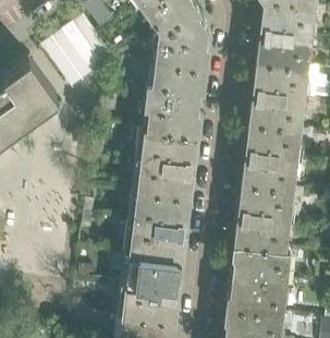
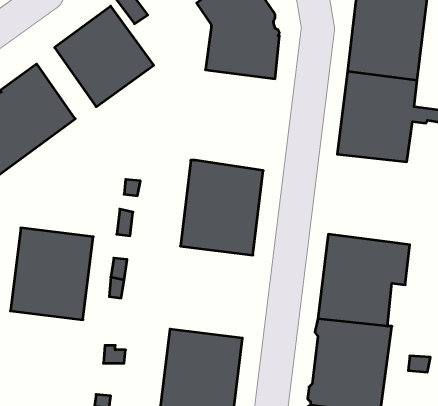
building: [142,70,204,144] -> none
building: [243,132,301,197] -> none
building: [126,200,187,267] -> [10,228,93,320]

